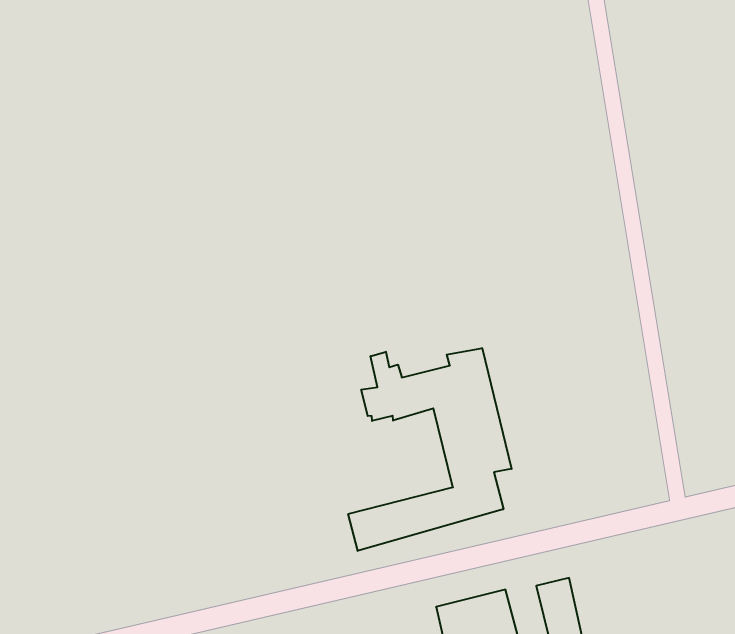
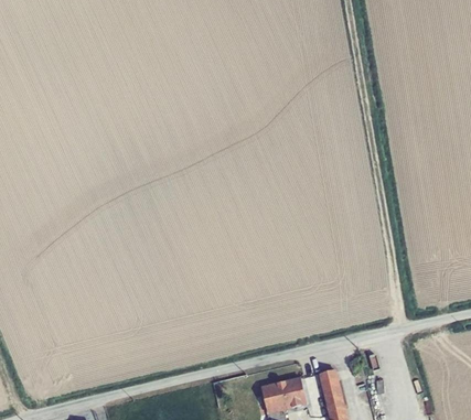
building: [348,348,512,551] -> none

